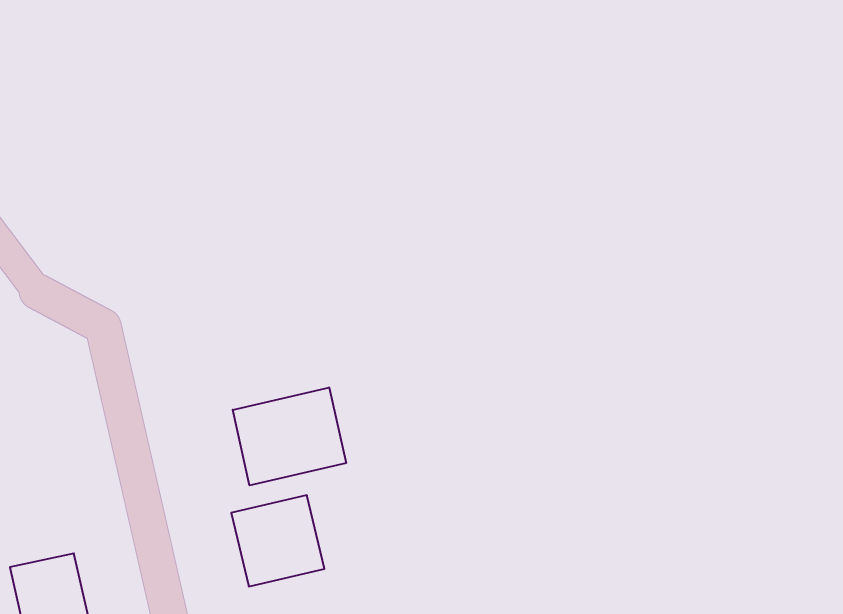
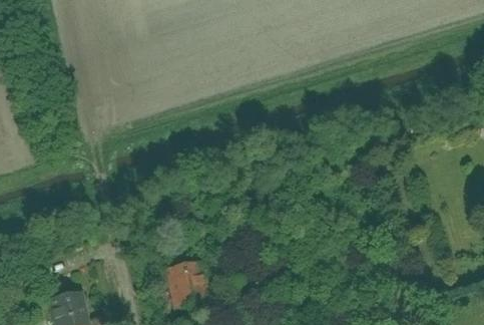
building: [233,387,346,485] -> none

